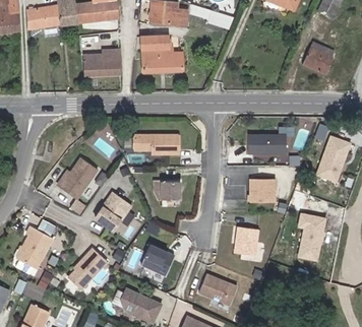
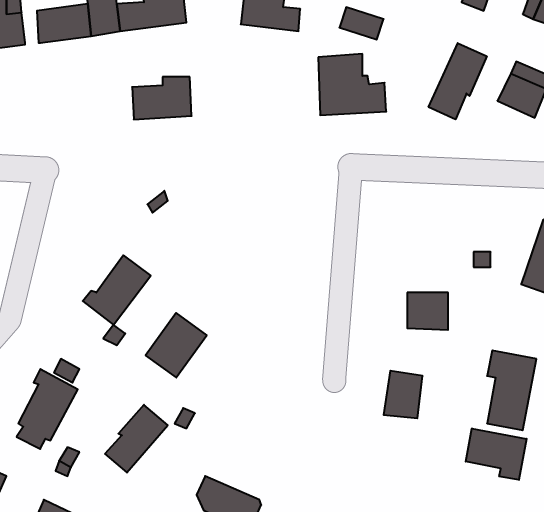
building: none -> [429,43,487,119]
building: [141,36,182,72] -> [318,54,386,115]
building: [131,134,178,154] -> none
building: [247,135,285,154] -> none
building: [152,182,179,200] -> none
building: [140,245,174,275] -> none
building: none -> [466,428,527,480]
building: [199,274,237,305] -> none

